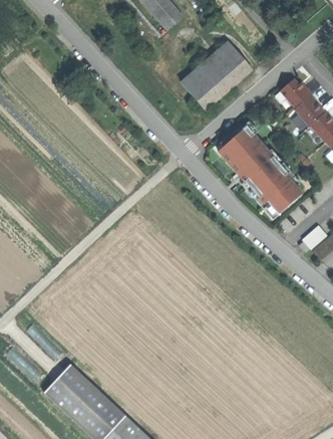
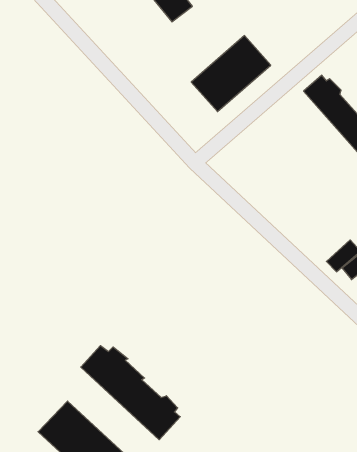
building: [220,122,305,219] -> none
building: none -> [81,346,180,440]

